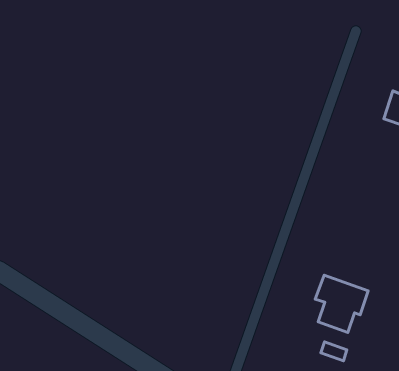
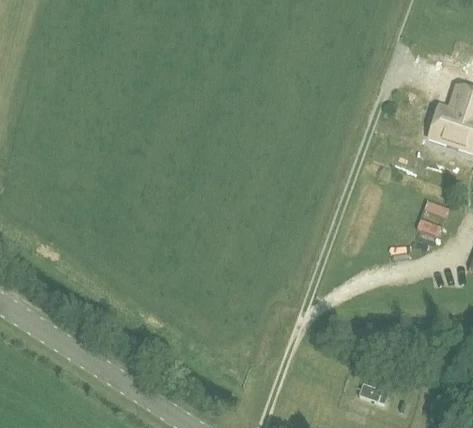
building: [315,275,368,333] -> none

